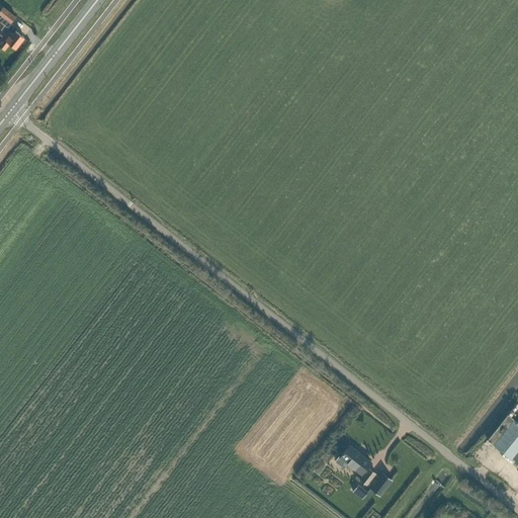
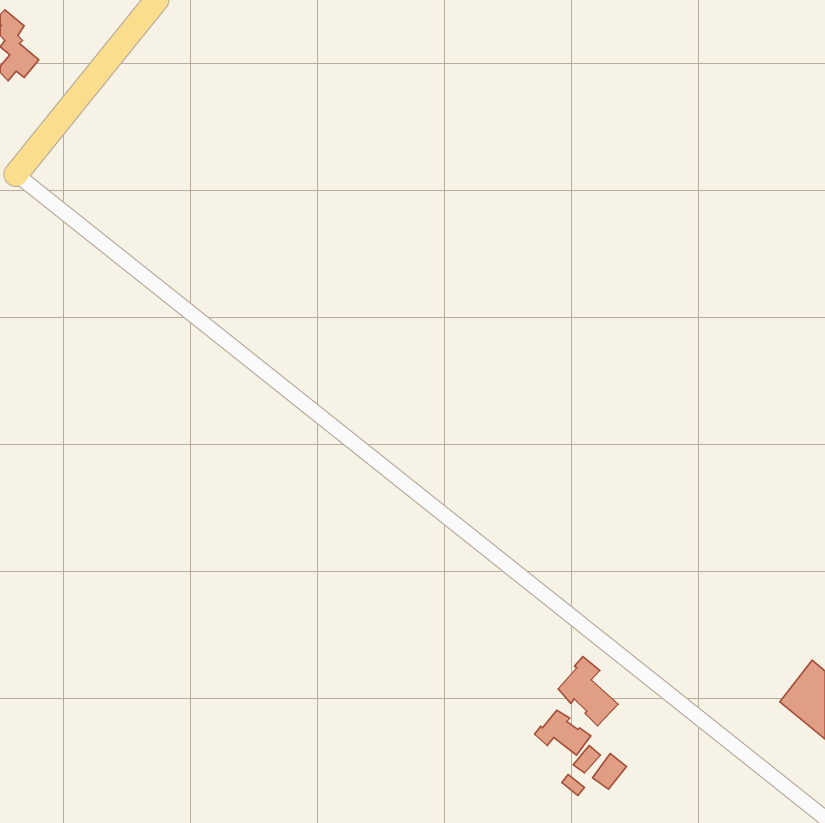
building: none -> [558,657,618,726]

